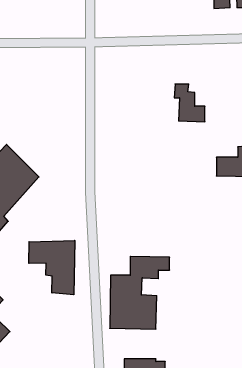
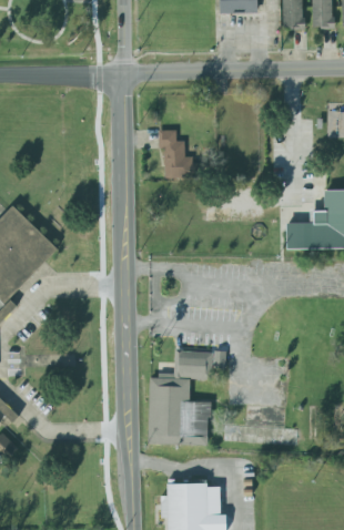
building: [174,84,205,122] -> [158,130,198,179]
building: [29,240,75,295] -> none

